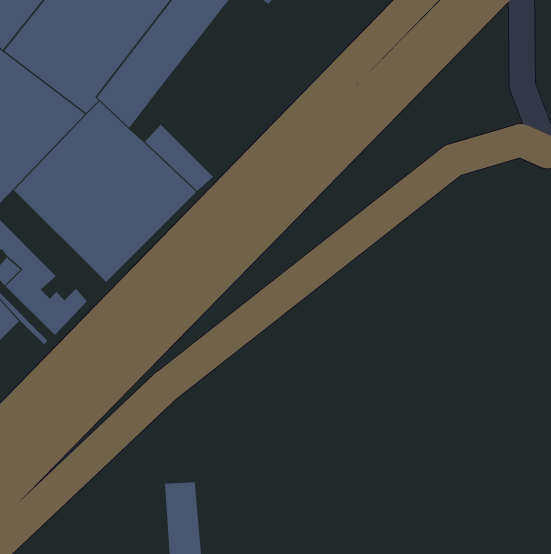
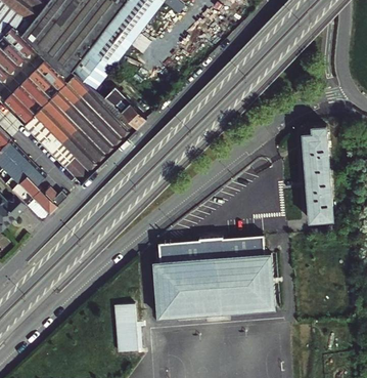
building: none -> [302,126,332,221]
building: none -> [154,236,276,319]

